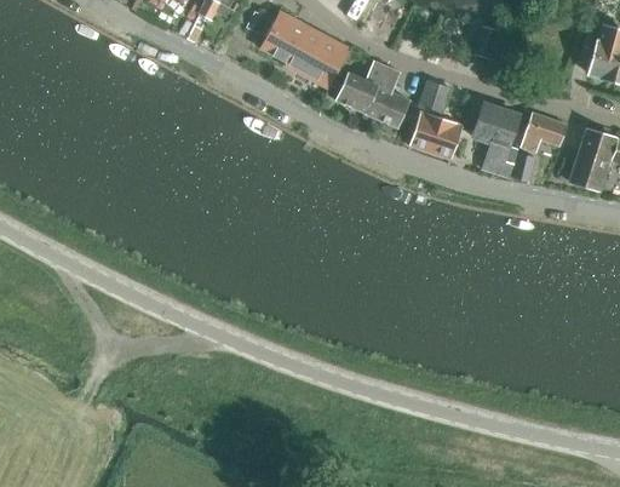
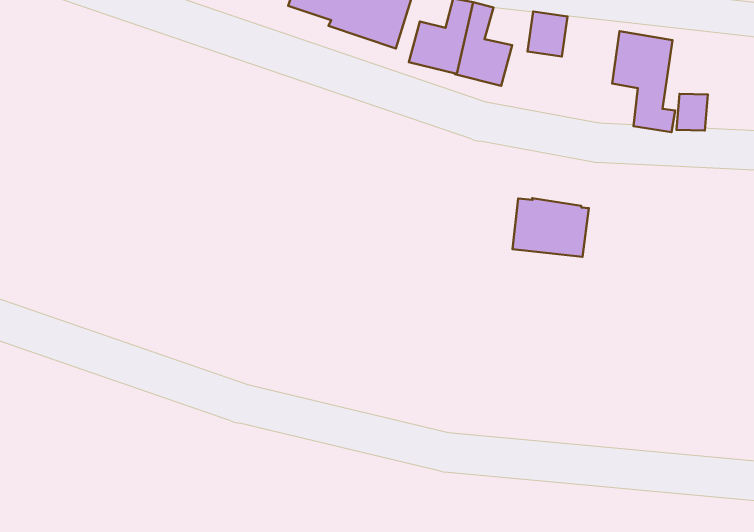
building: [404,110,461,157] -> [512,198,589,257]
building: [521,111,566,150] -> none

